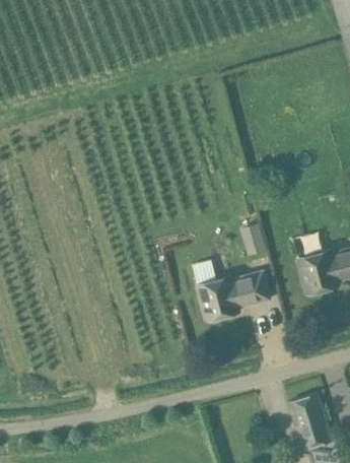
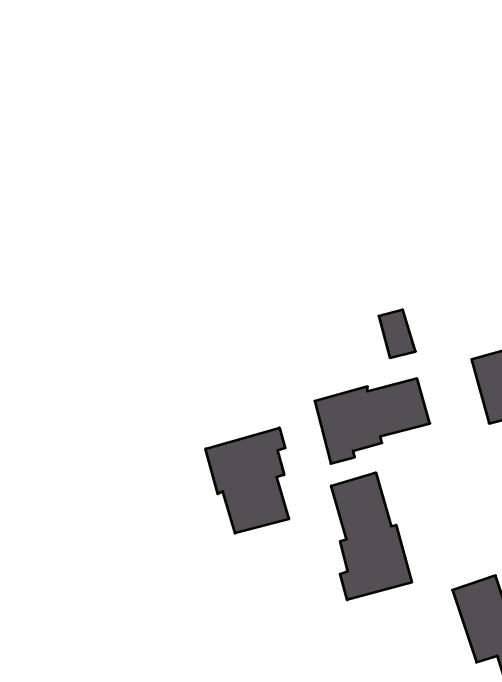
building: none -> [206,428,289,533]
building: none -> [331,473,412,600]

